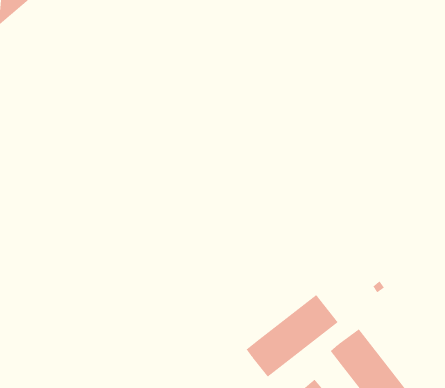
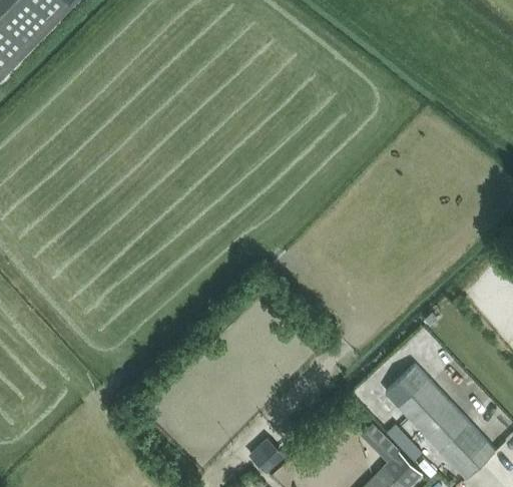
building: [246,294,339,377] -> none

